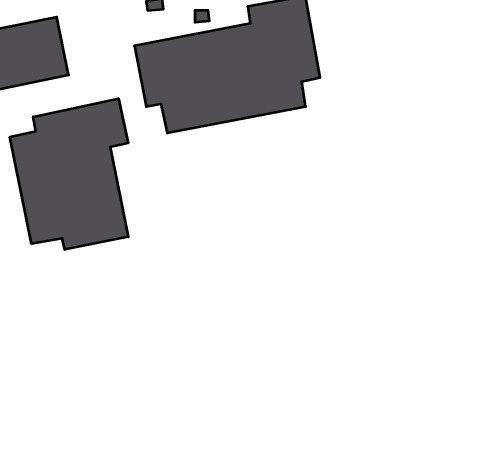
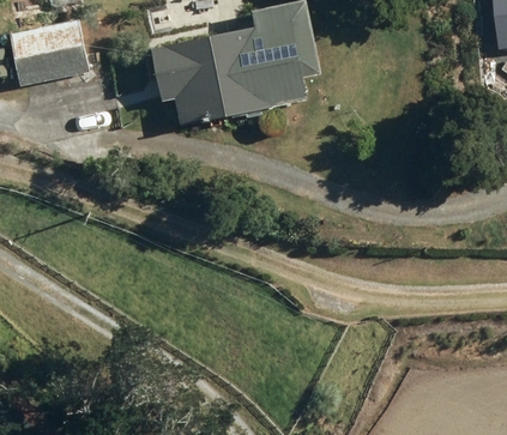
building: [10,99,128,250] -> none

